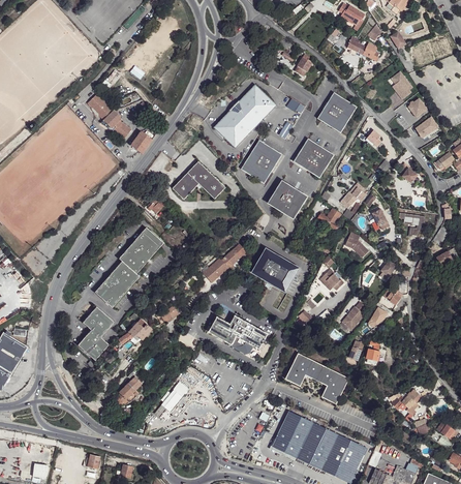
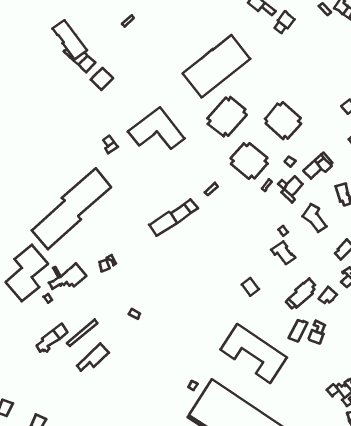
building: [320,95,354,129] -> none
building: [250,247,298,290] -> none
building: [207,315,265,350] -> none

